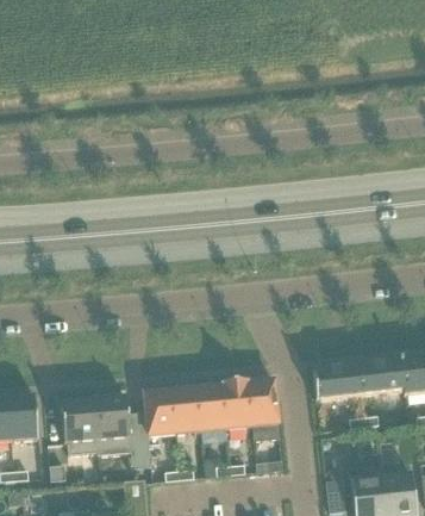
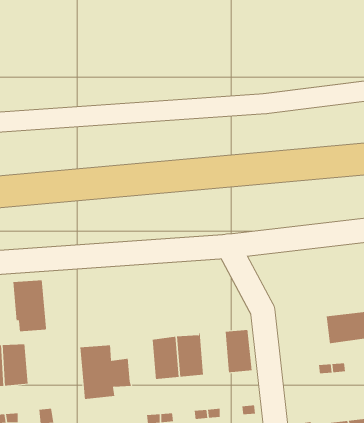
building: [311,363,360,398] -> none
building: [221,379,251,427] -> none
building: [143,388,173,434] -> none
building: [60,397,96,453] -> [13,280,47,332]

